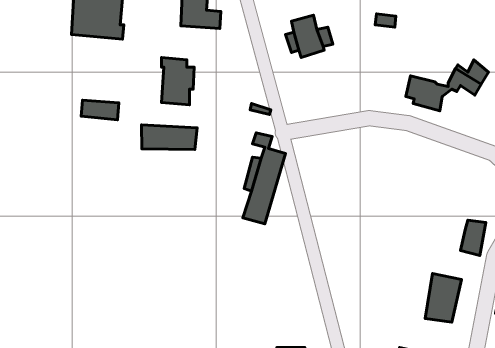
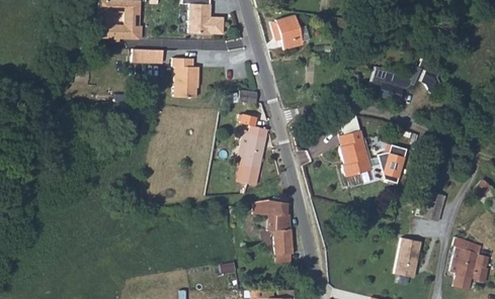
building: [81,100,119,120] -> [130,48,161,65]
building: [142,125,197,149] -> none
building: none -> [340,131,404,183]
building: none -> [257,199,292,257]

